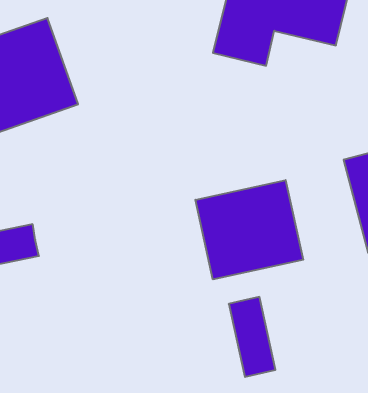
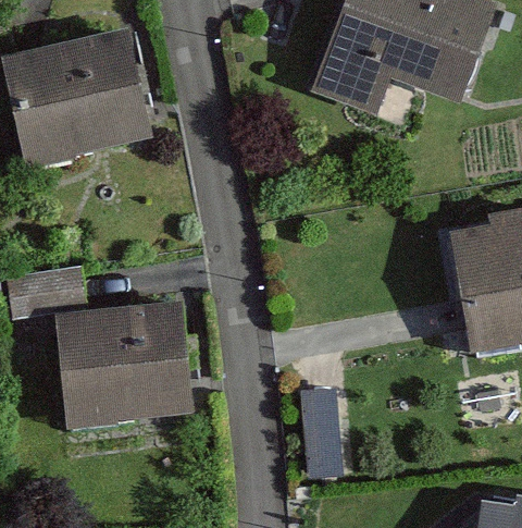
building: [195,180,303,279] -> none
building: none -> [58,306,183,421]

